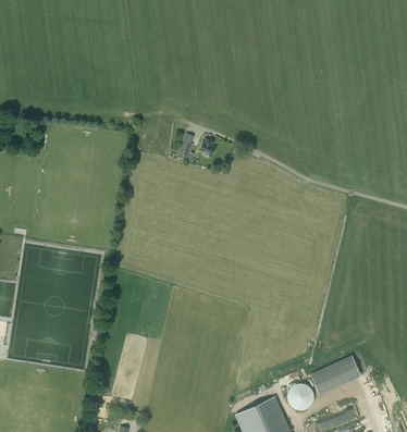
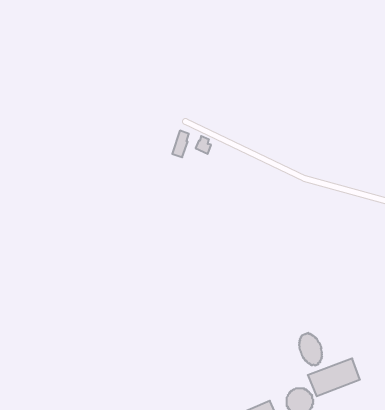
building: none -> [299,333,322,366]

